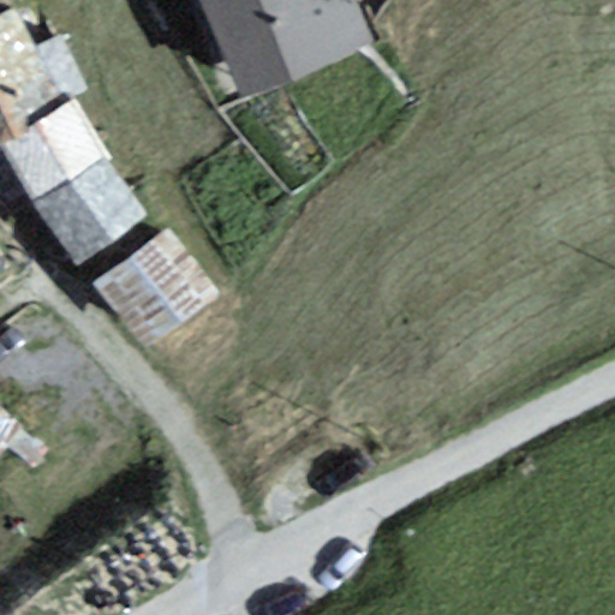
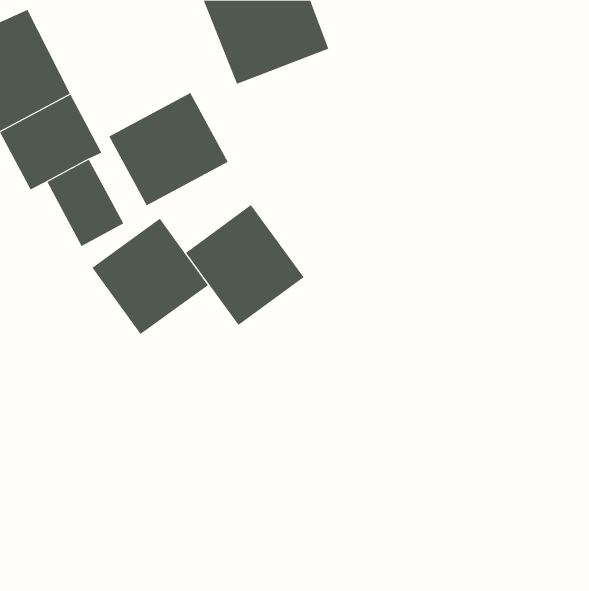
building: none -> [108,92,229,206]
building: none -> [185,204,304,326]

